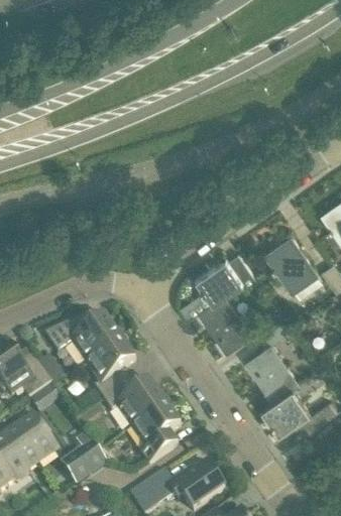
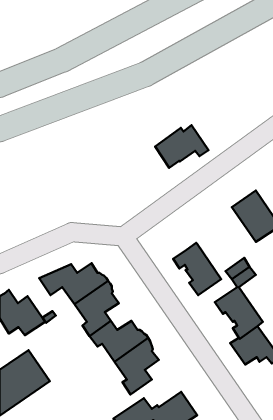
building: [196,256,256,304] -> [155,125,208,168]
building: [62,437,107,488] -> none

